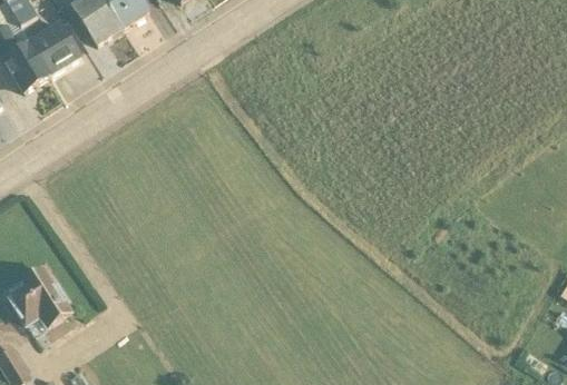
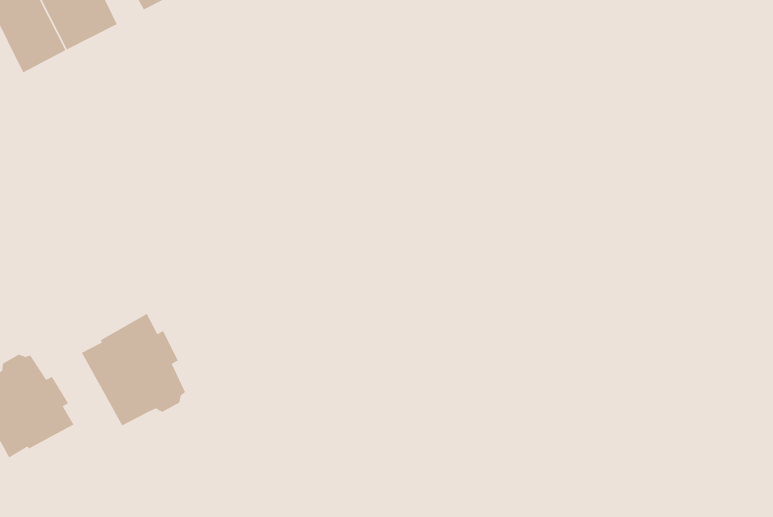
building: none -> [81,313,186,427]

